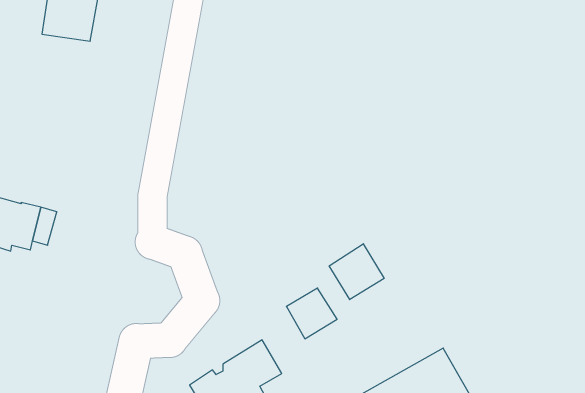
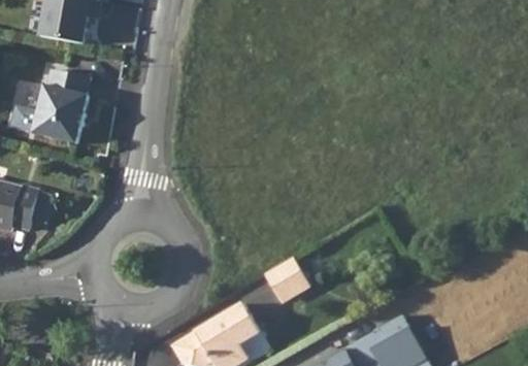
building: none -> [23,66,79,140]
building: [329,244,384,300] -> none

